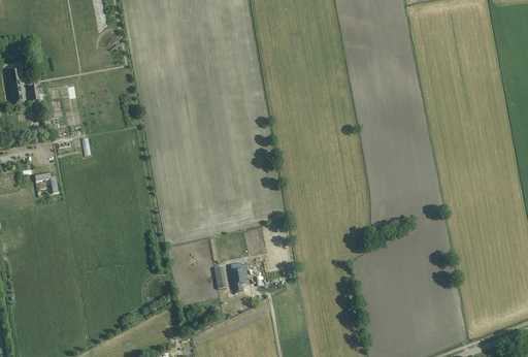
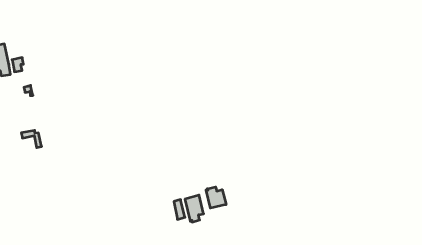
building: none -> [206,187,226,208]

